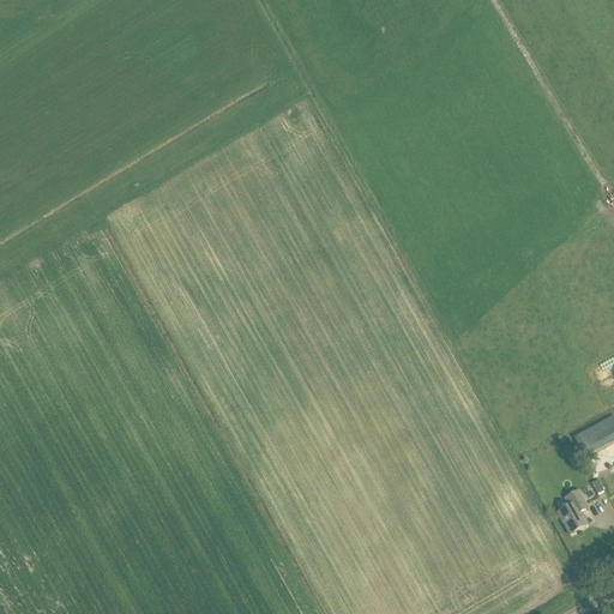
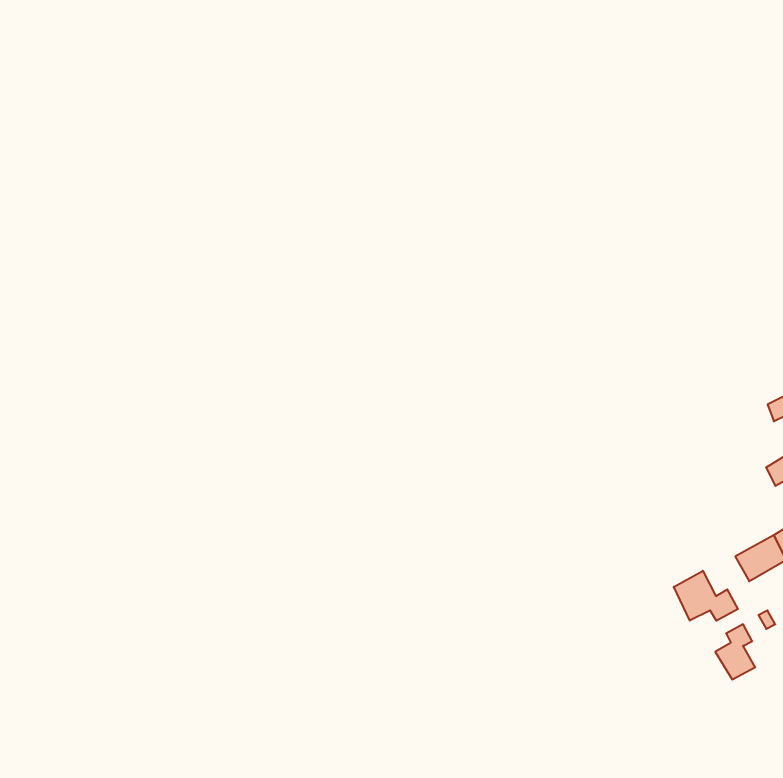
building: none -> [674,571,738,621]

